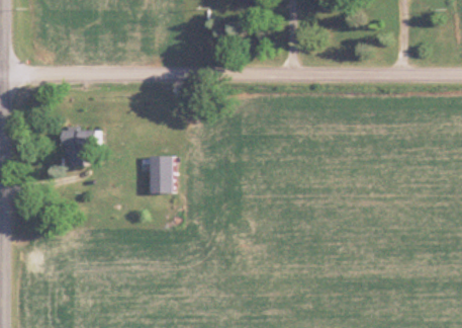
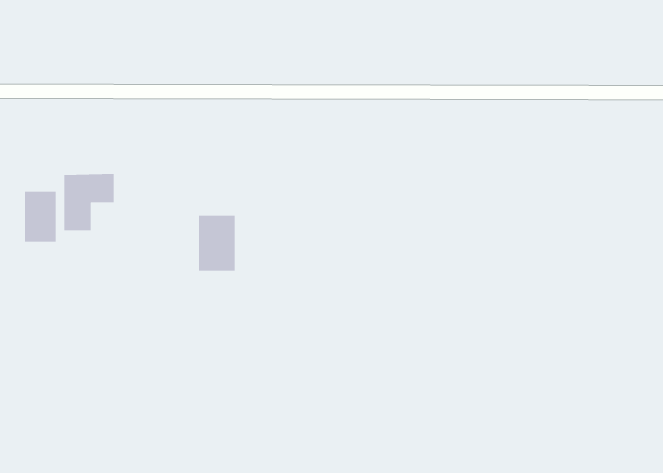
building: none -> [25,191,56,243]

